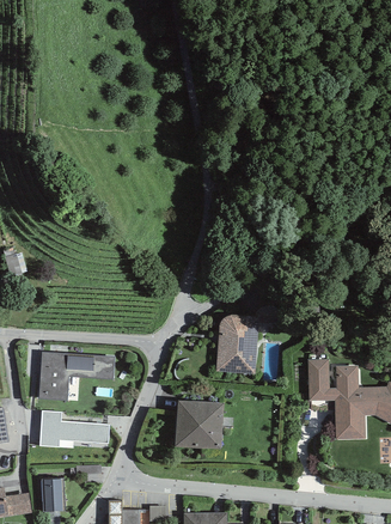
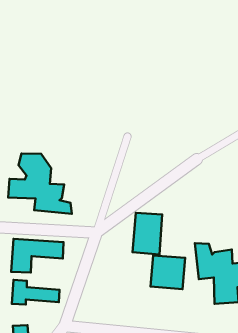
building: none -> [8,153,72,214]
building: [175,398,225,447] -> [151,255,185,289]

